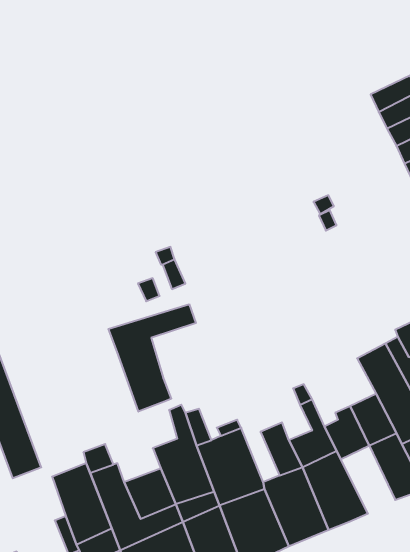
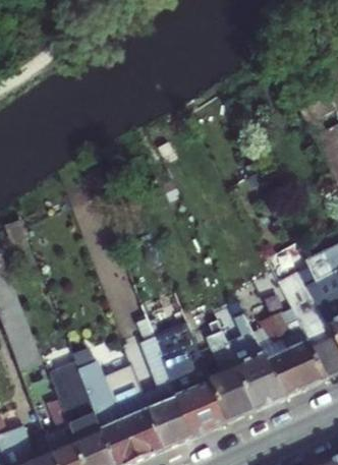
building: [108,304,196,412] -> none
building: none -> [265,346,305,397]

